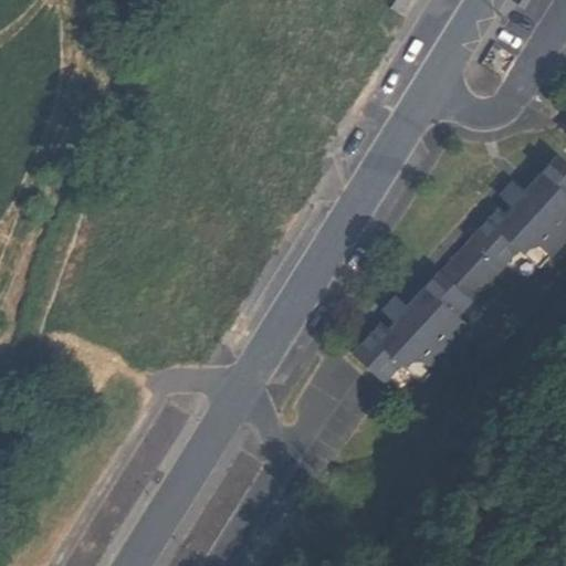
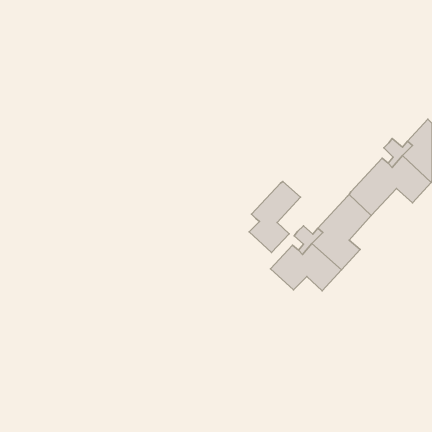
building: none -> [249,181,300,252]

